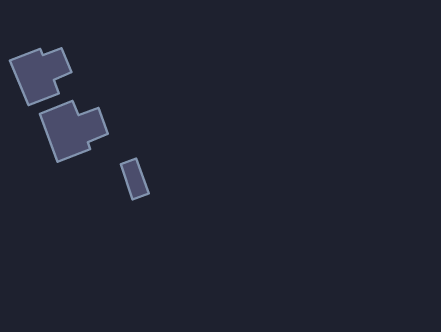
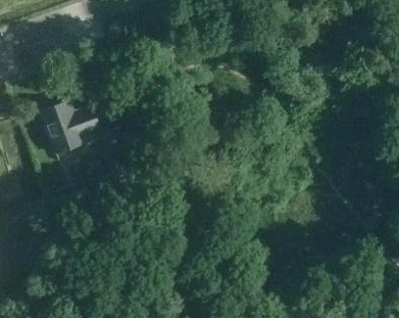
building: [10,48,72,105] -> none

